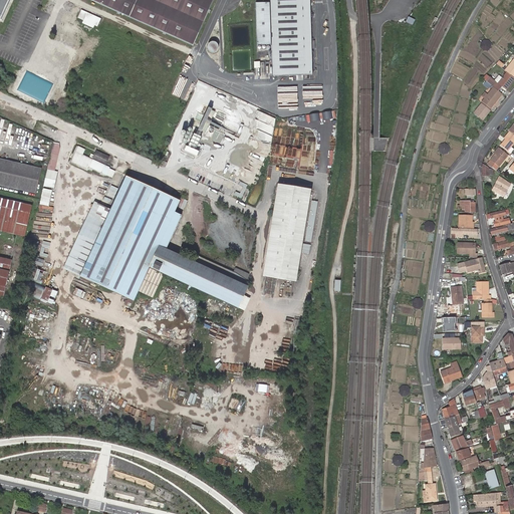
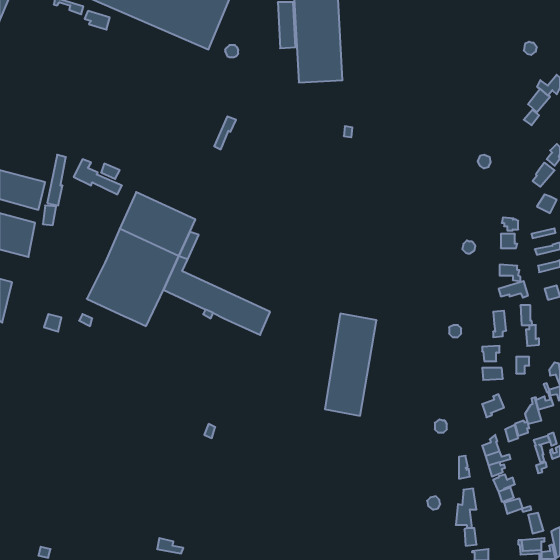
building: [264,183,311,276] -> [325,314,377,416]
building: [66,203,109,273] -> none

